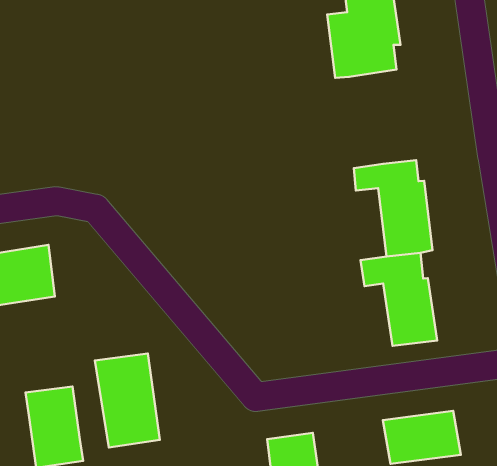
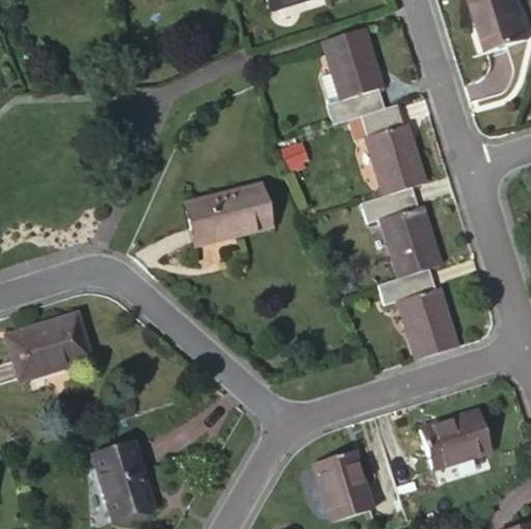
building: none -> [339,103,426,195]
building: none -> [177,182,269,247]
building: [95,354,160,448] -> none

